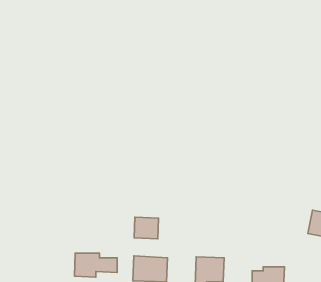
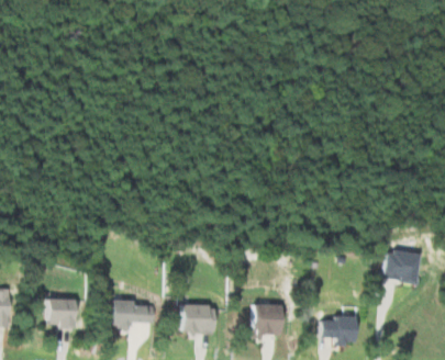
building: [134,217,159,239] -> none
building: none -> [44,297,80,327]

